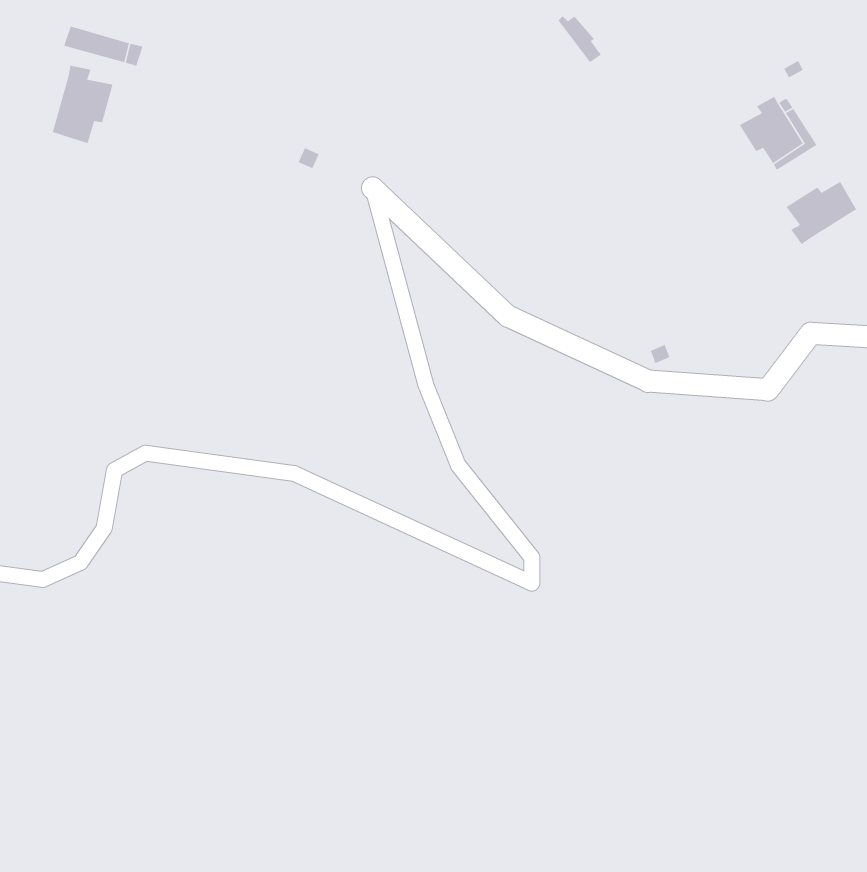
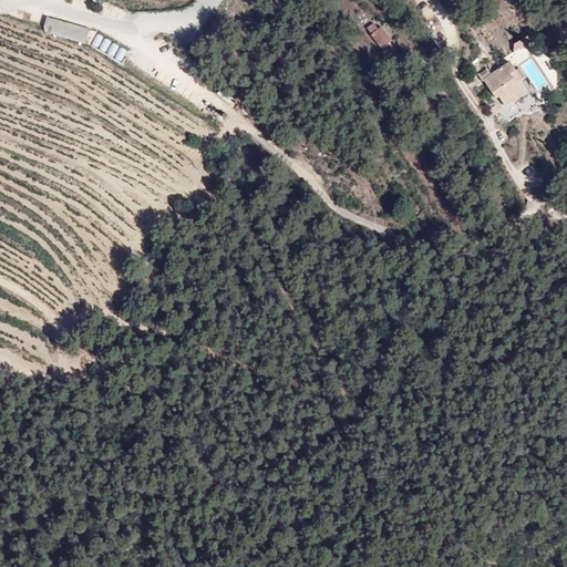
building: [52,65,114,144] -> none
building: [785,181,857,245] -> none

